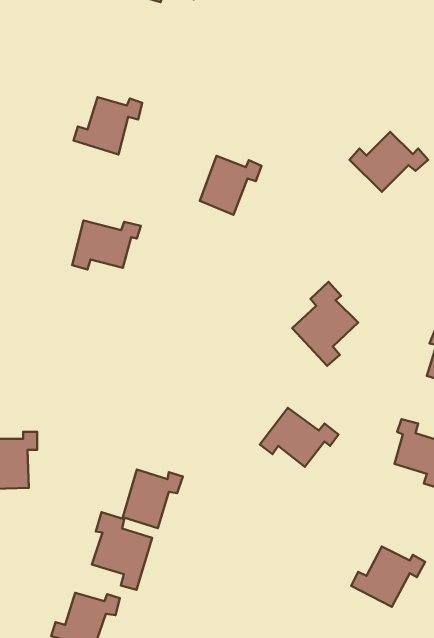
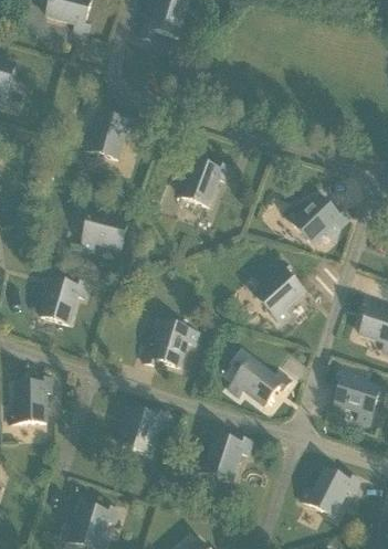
building: [350,132,428,192] -> [286,196,348,243]
building: none -> [40,277,86,323]
building: none -> [141,320,197,366]
building: none -> [196,434,251,479]
building: [92,512,152,590] -> none

